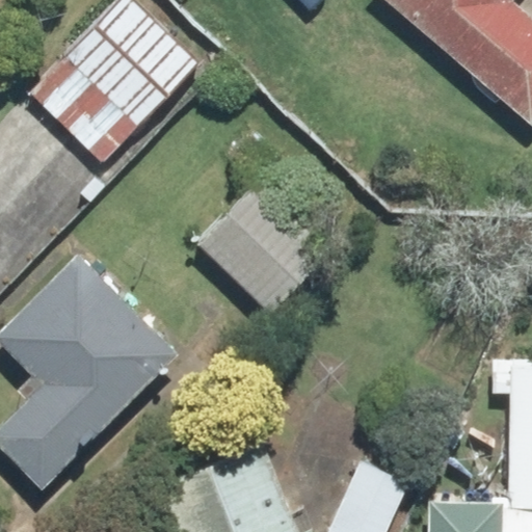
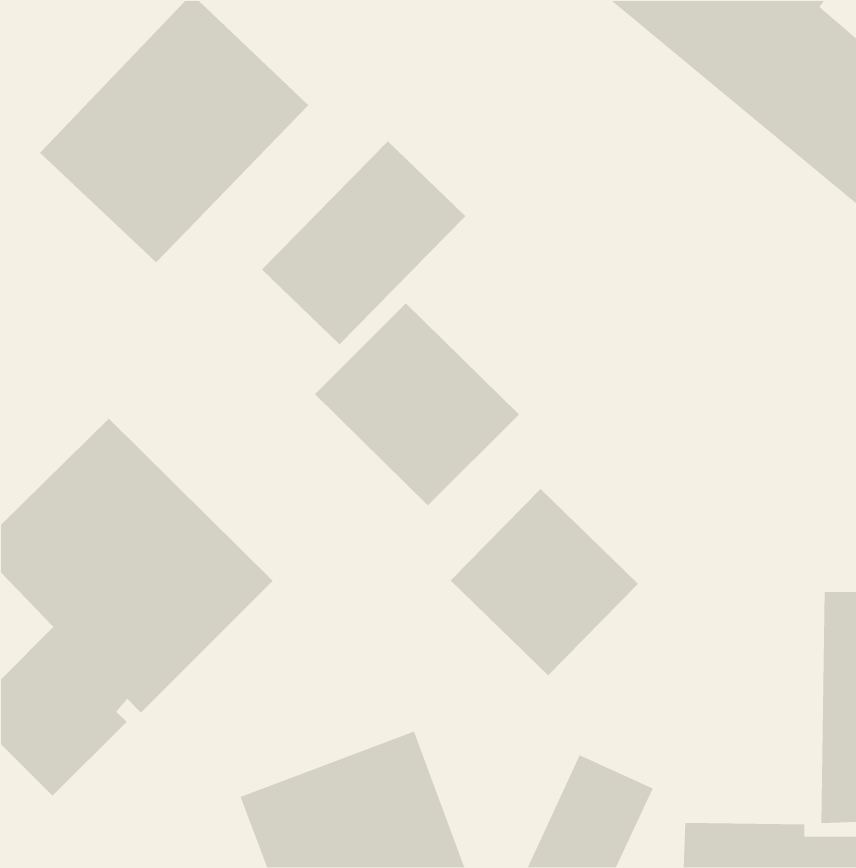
building: none -> [261,141,466,345]
building: none -> [450,488,639,676]

